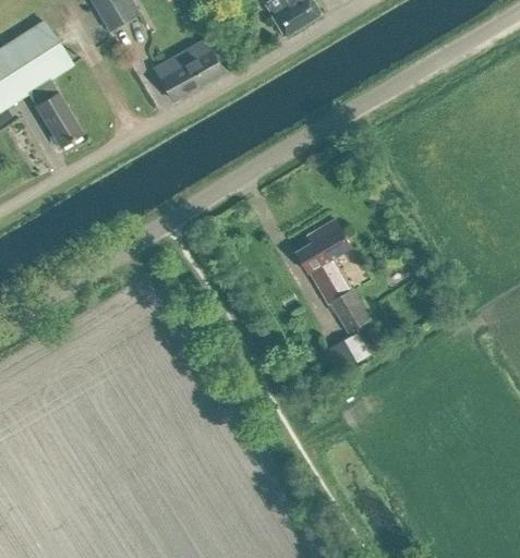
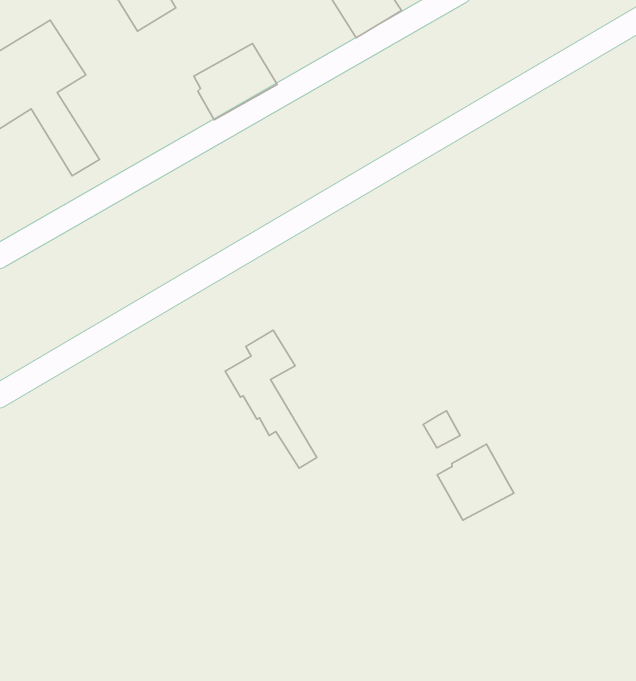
building: [295,218,368,328] -> [225,330,317,468]
building: none -> [437,444,514,520]

